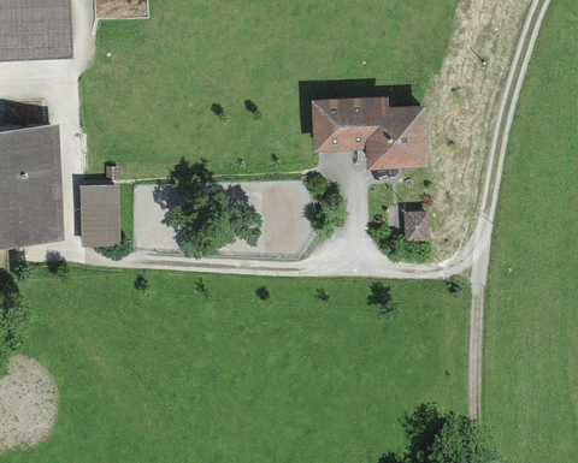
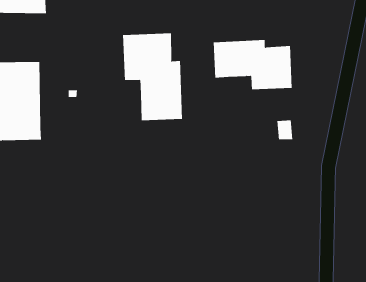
building: none -> [122,33,182,121]
building: [78,186,118,248] -> none

